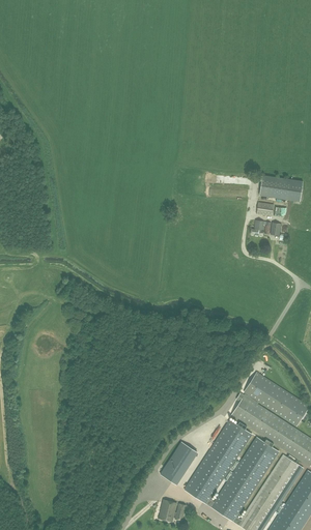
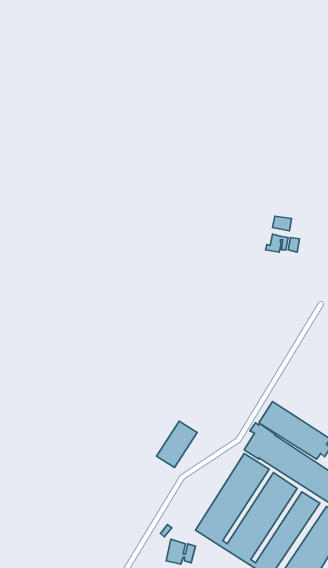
building: [258,174,302,201] -> none
building: [160,441,197,483] -> [156,421,197,468]

